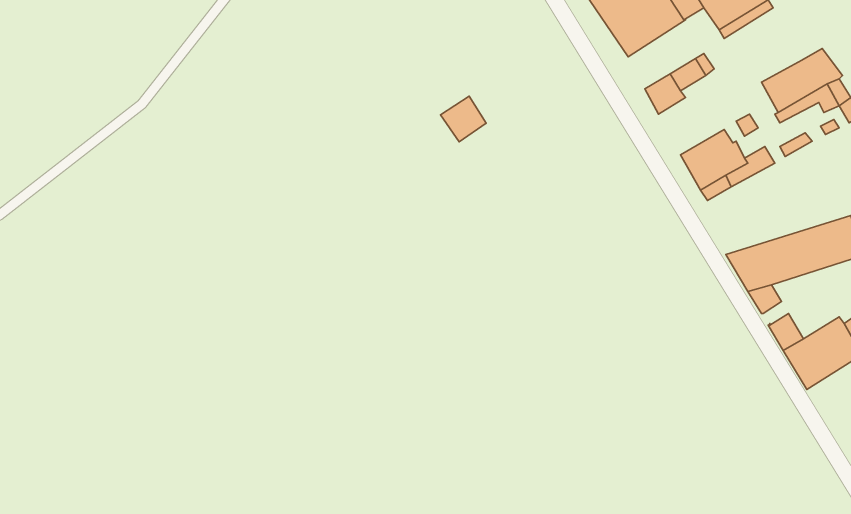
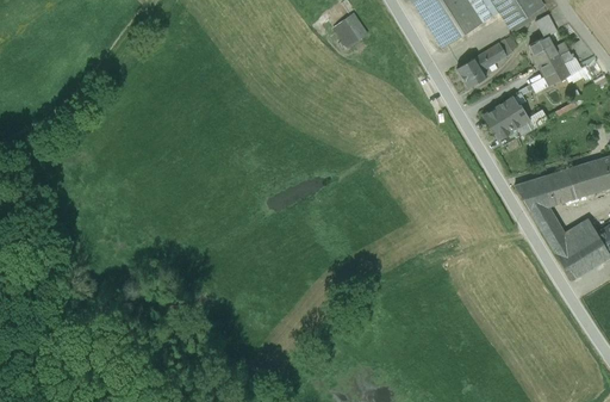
building: none -> [529,13,568,64]
building: [441,96,486,142] -> [335,14,367,47]

